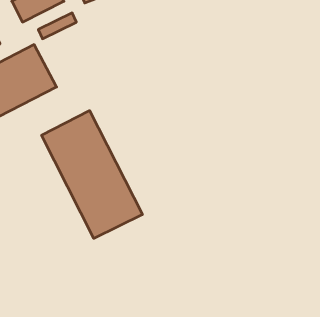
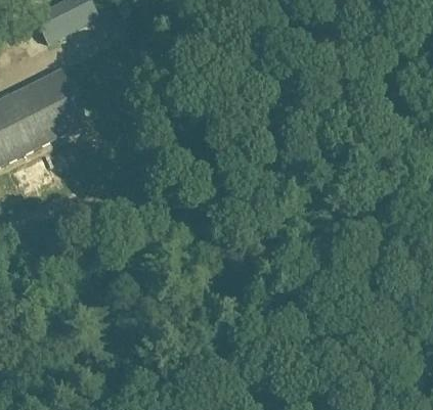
building: [42,111,142,238] -> none

